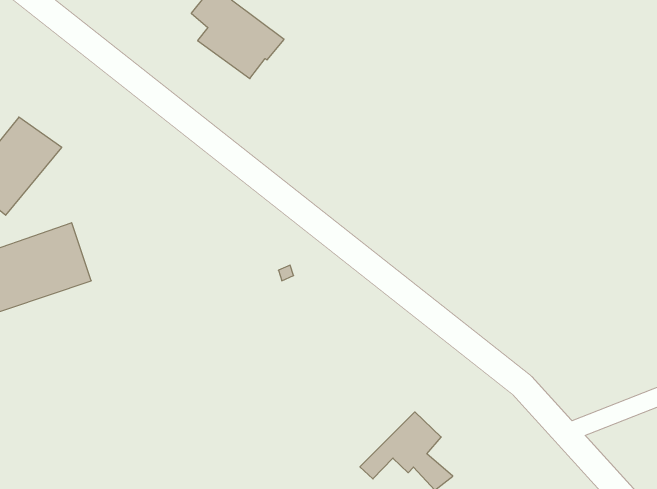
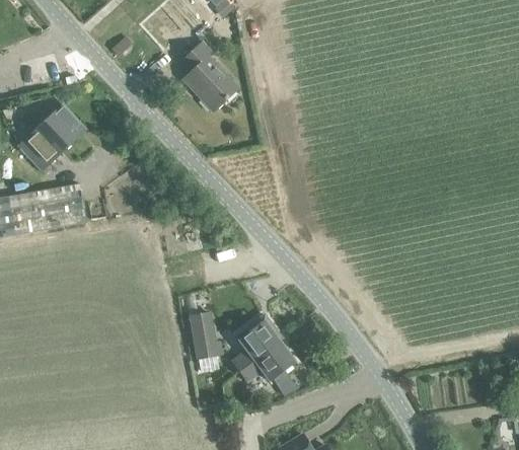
building: none -> [231,312,281,370]
building: none -> [190,310,218,358]

